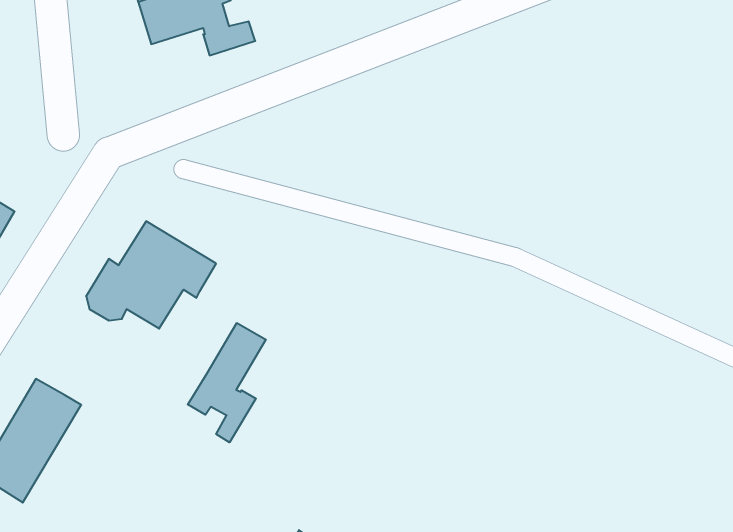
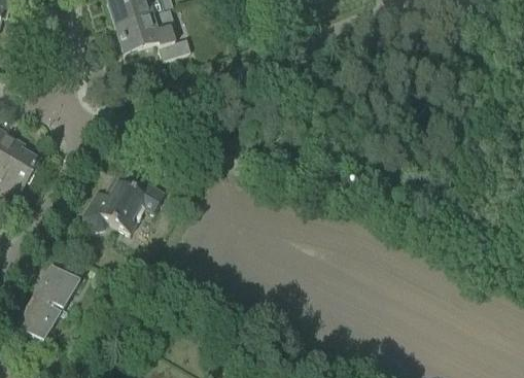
building: [188,323,266,442] -> none

